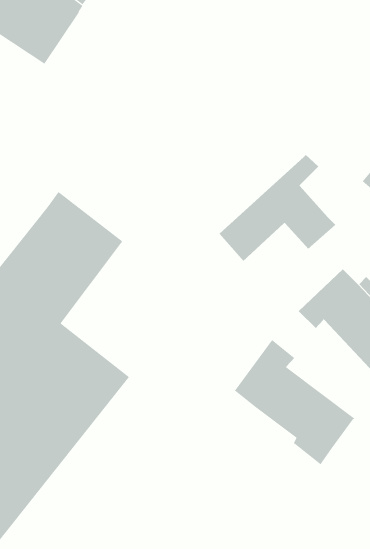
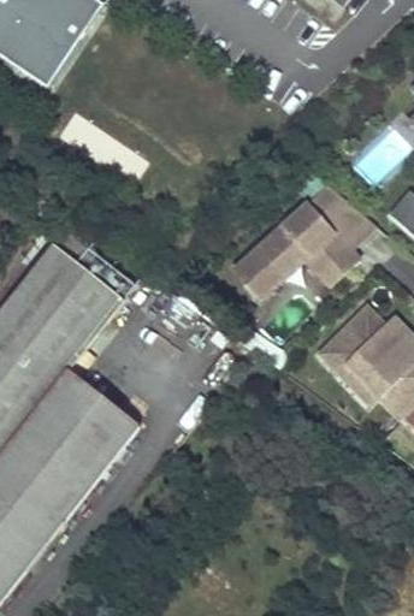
building: none -> [323,199,378,253]
building: [234,339,355,465] -> none

